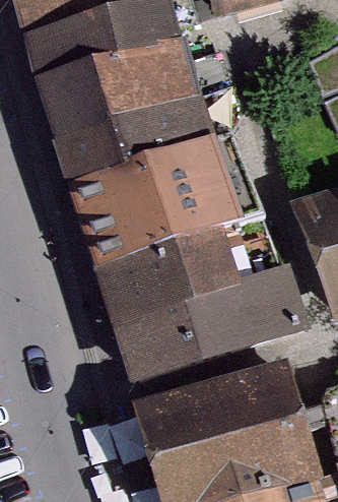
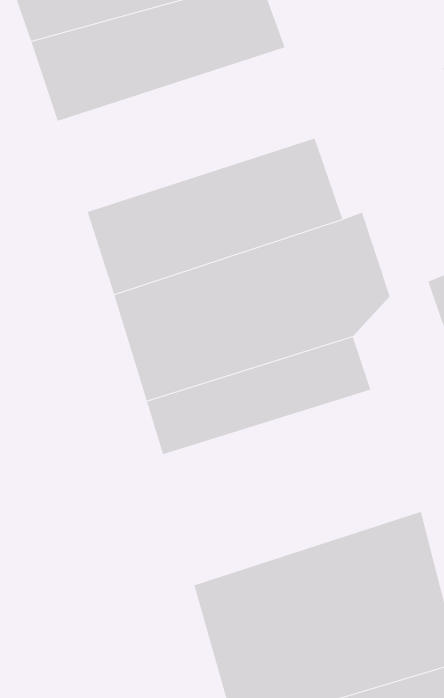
building: [42,45,218,158] -> none
building: [114,272,296,381] -> none

